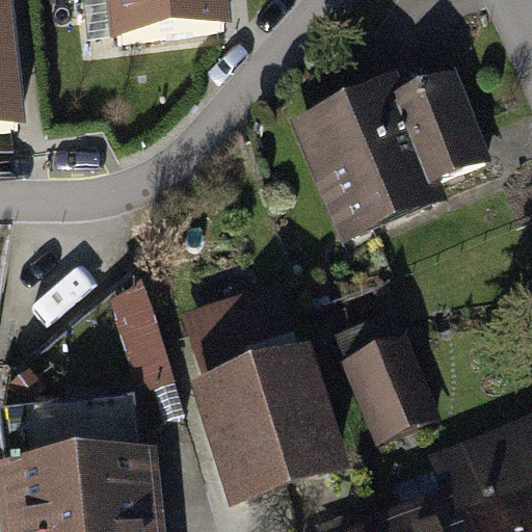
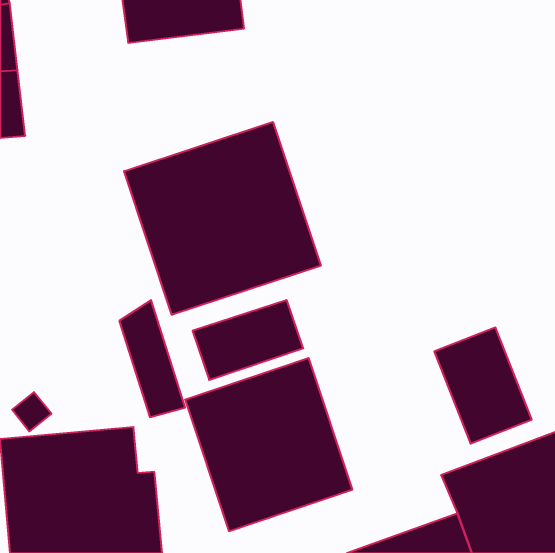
building: [287,72,487,246] -> none
building: none -> [124,122,321,315]
building: [338,336,430,446] -> [434,328,532,444]

